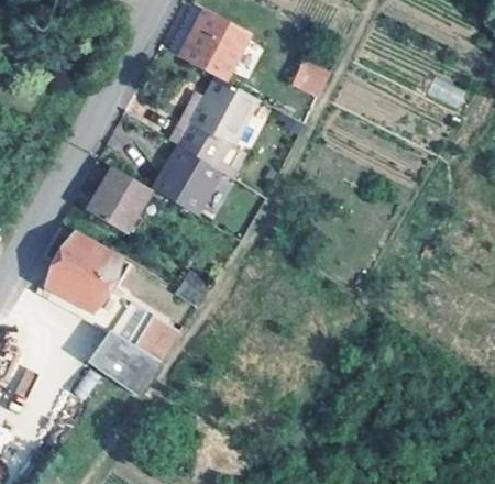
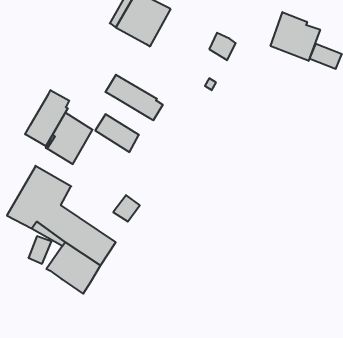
building: none -> [271,12,320,61]
building: [178,77,257,147] -> none
building: none -> [25,90,69,146]
building: [165,146,221,194] -> none

